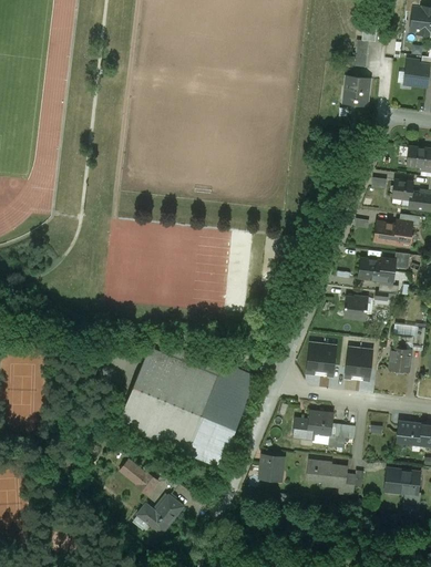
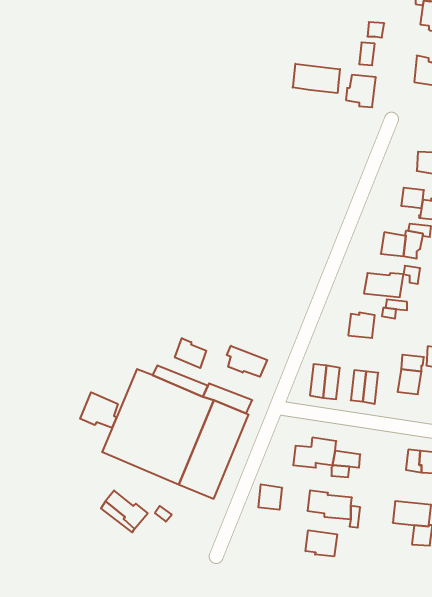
building: none -> [293,64,340,93]
building: none -> [175,338,206,368]
building: none -> [227,346,267,377]
building: none -> [80,392,118,428]
building: [137,495,182,533] -> none
building: none -> [306,530,337,556]

